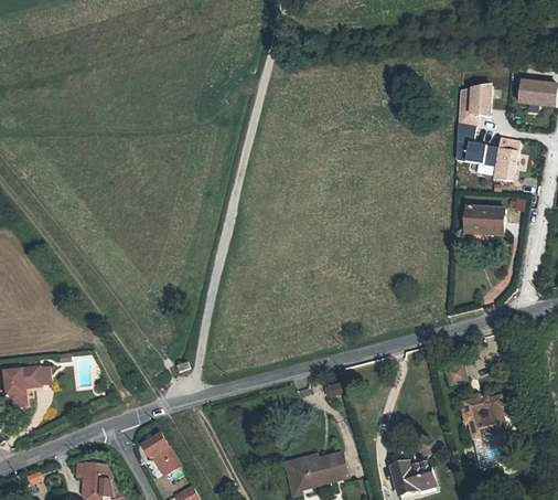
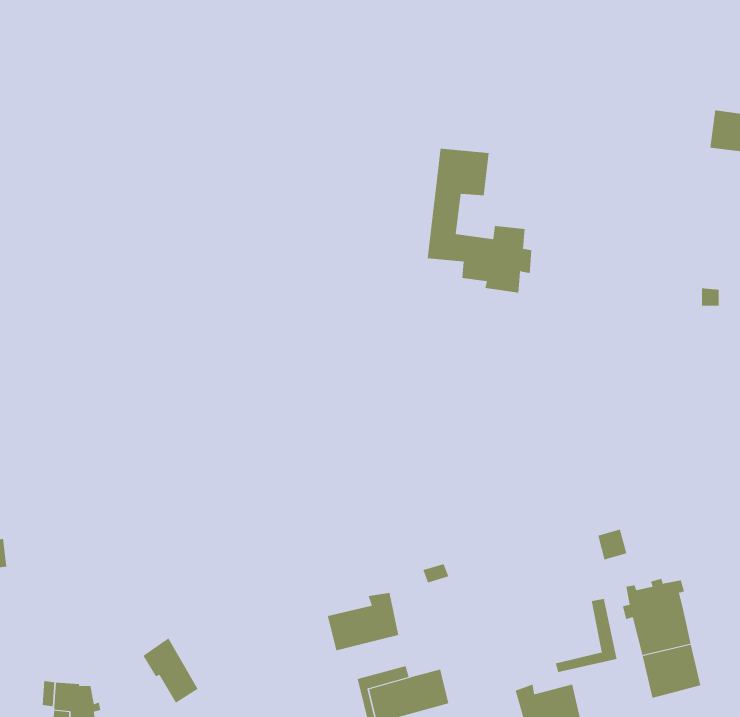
building: [454,85,525,182] -> [427,148,532,293]
building: [465,211,504,237] -> none
building: none -> [327,592,399,651]
building: none -> [555,598,617,673]

